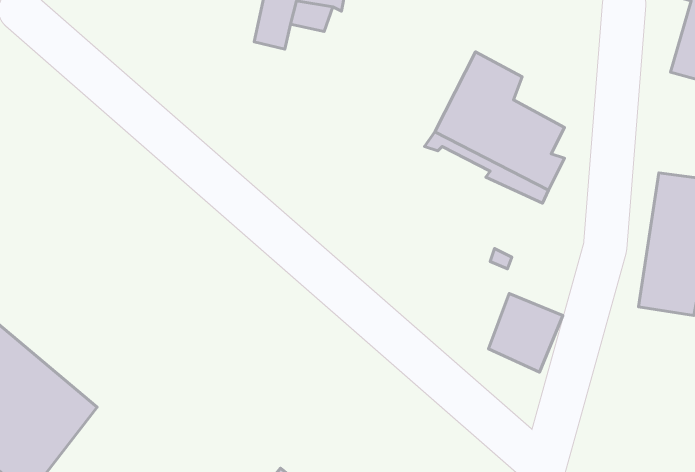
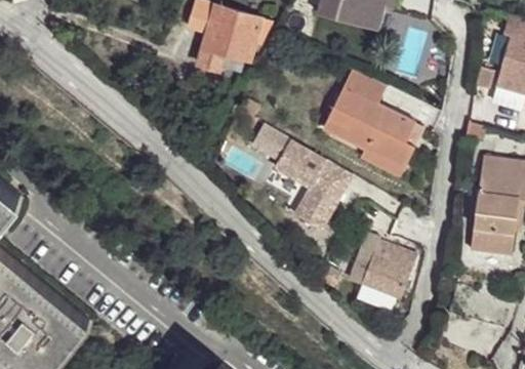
building: none -> [256,124,357,231]

